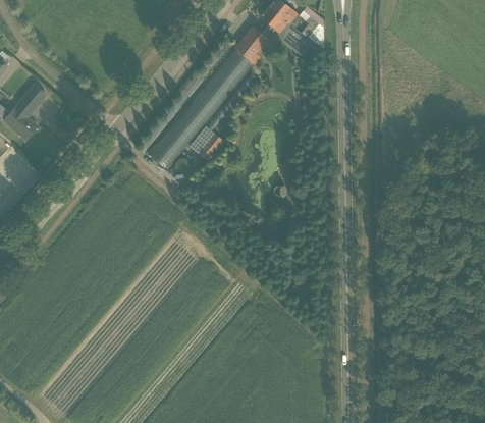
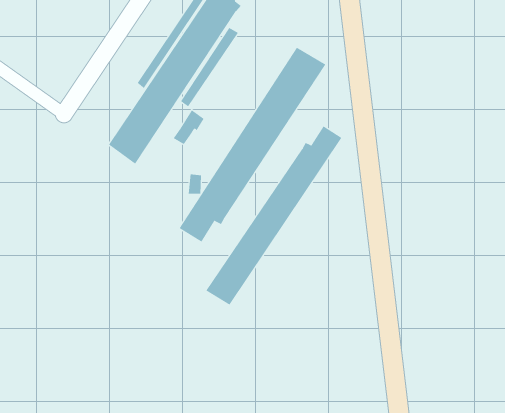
building: none -> [179,47,326,242]
building: none -> [205,126,342,305]

